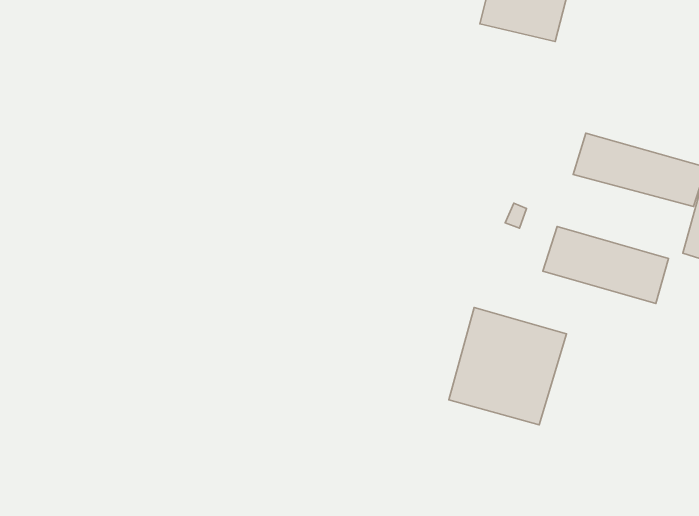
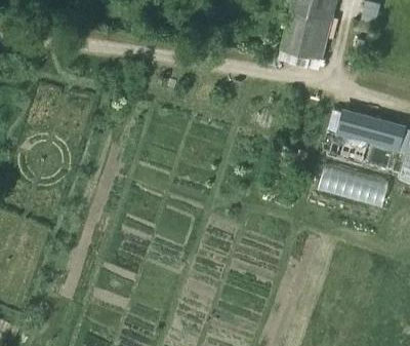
building: [449,307,566,425] -> none

